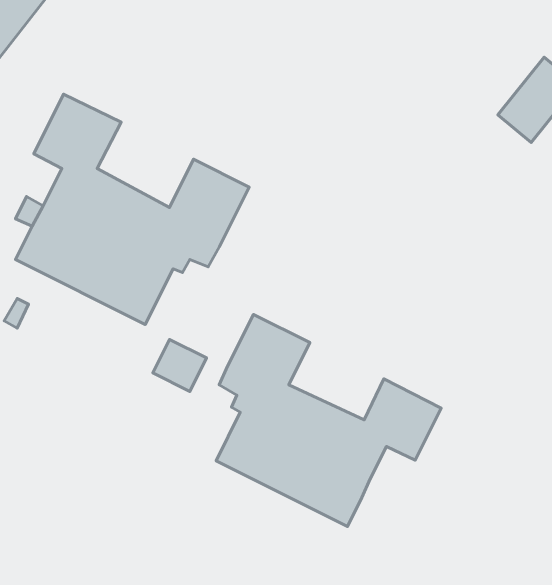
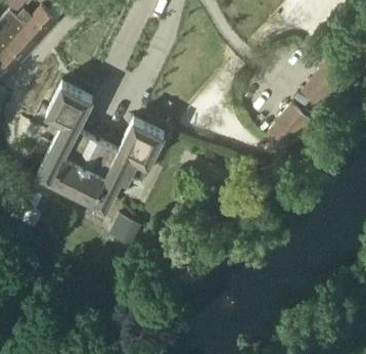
building: none -> [265,105,312,154]
building: [216,314,441,527] -> none

